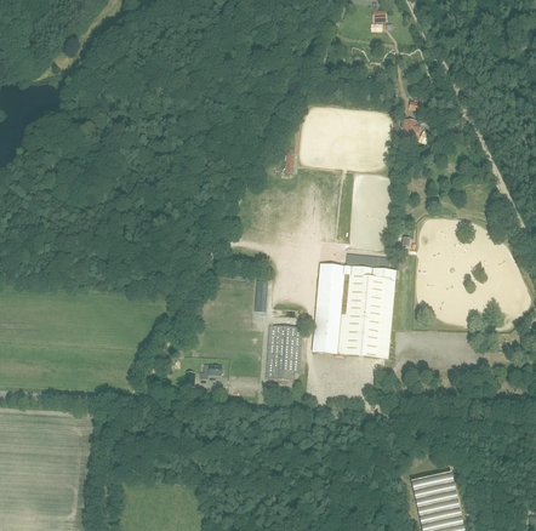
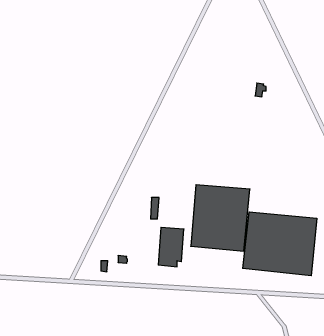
building: none -> [243,212,317,276]

